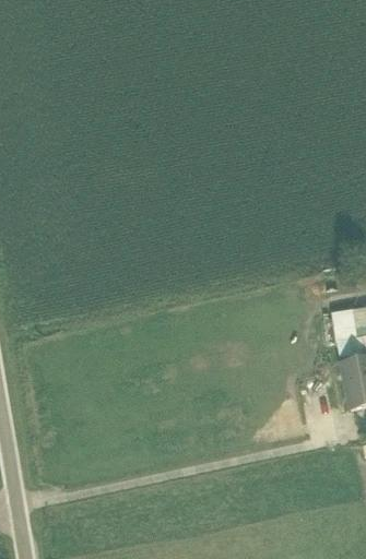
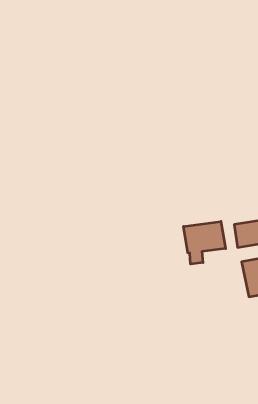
building: none -> [184,221,226,264]

